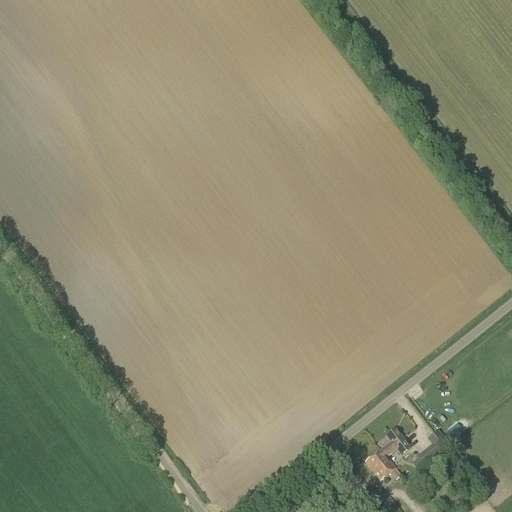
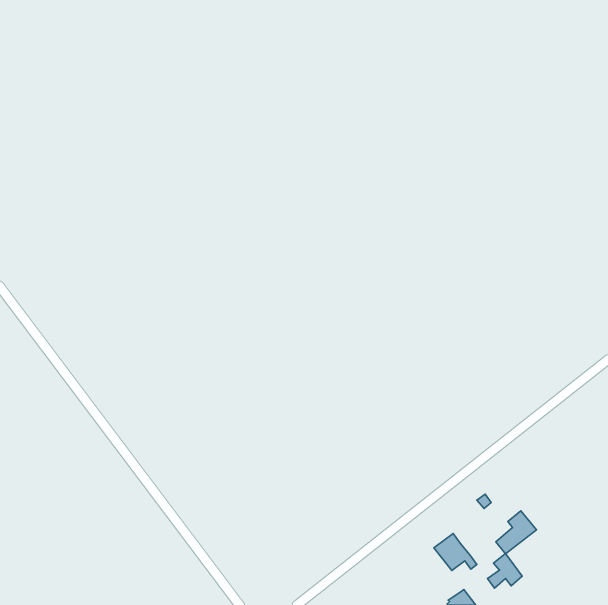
building: [380,427,409,456] -> [487,554,522,588]

